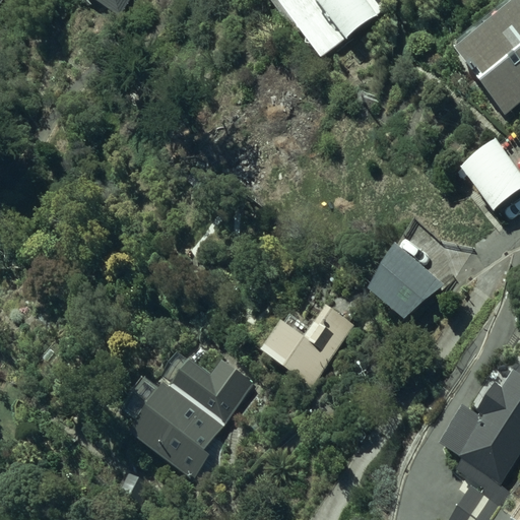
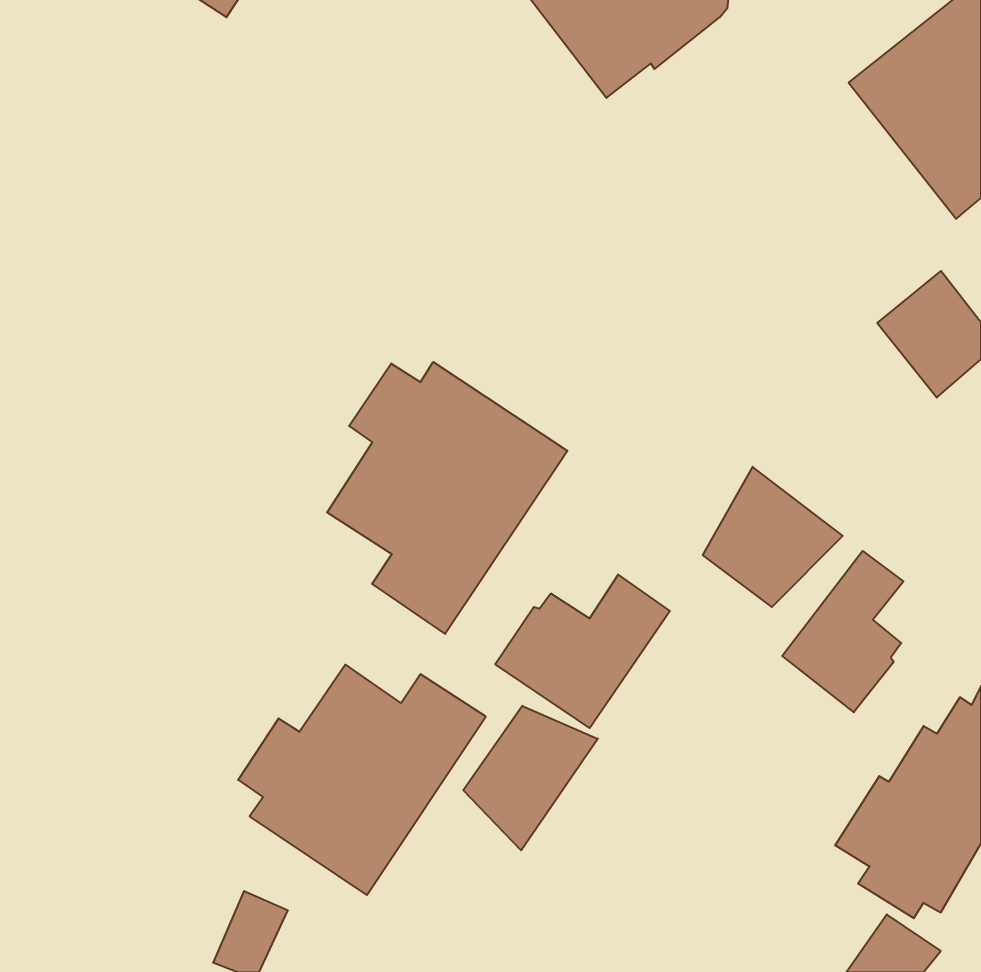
building: none -> [327,362,567,634]
building: none -> [782,551,903,712]
building: none -> [463,706,598,850]

